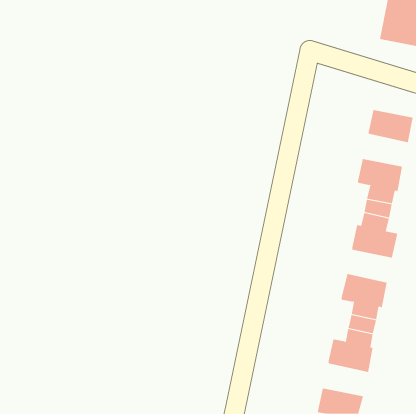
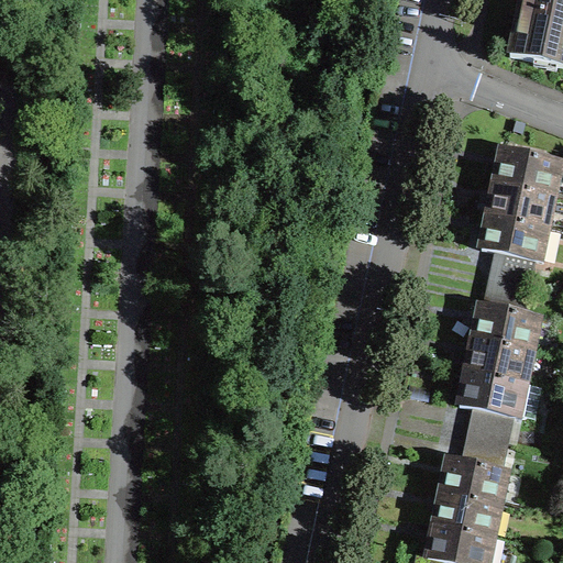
building: none -> [489,180,552,224]
building: none -> [468,336,530,380]
building: none -> [435,489,498,533]

